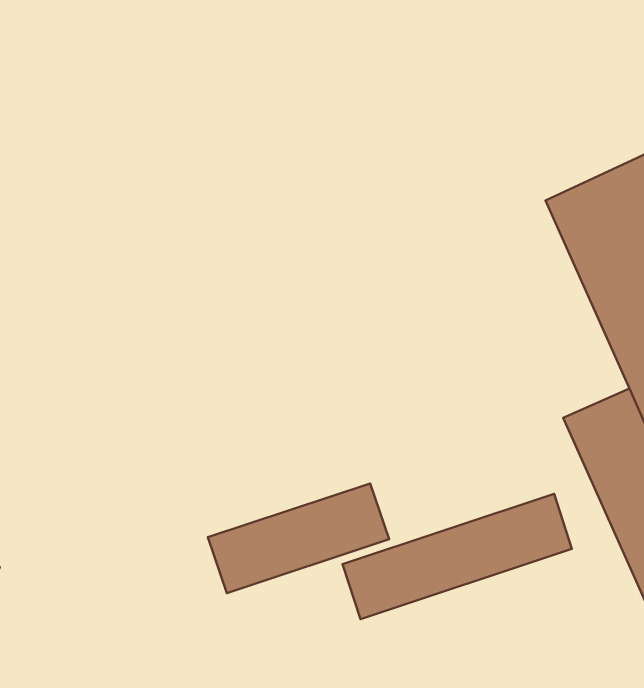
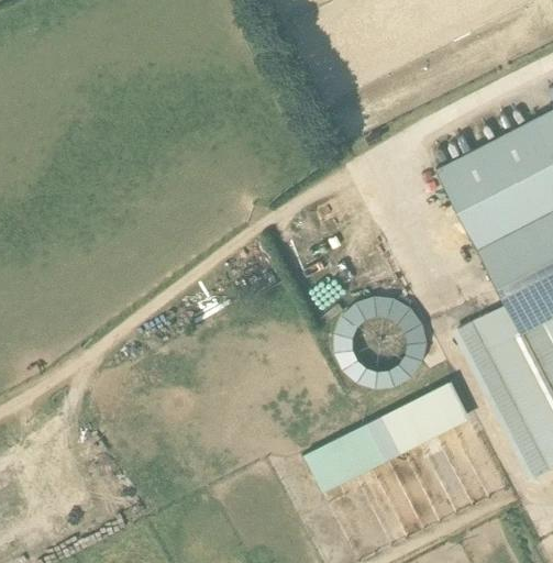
building: none -> [334,300,427,391]
building: [208,483,389,593] -> none

